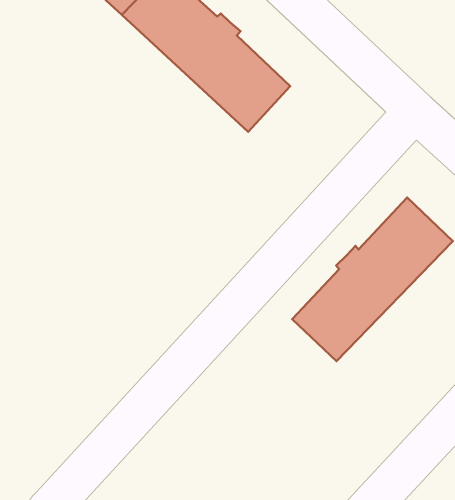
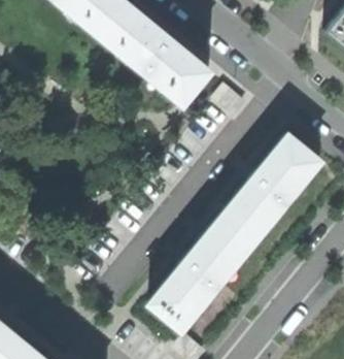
building: none -> [149,219,248,327]

